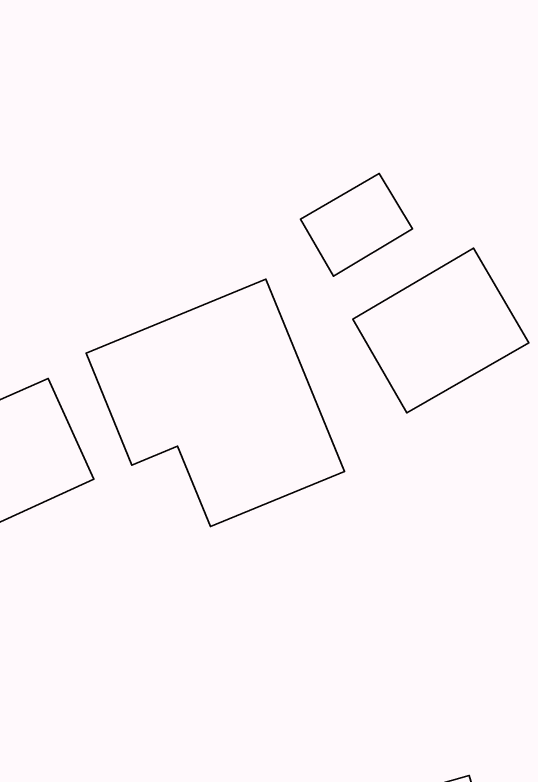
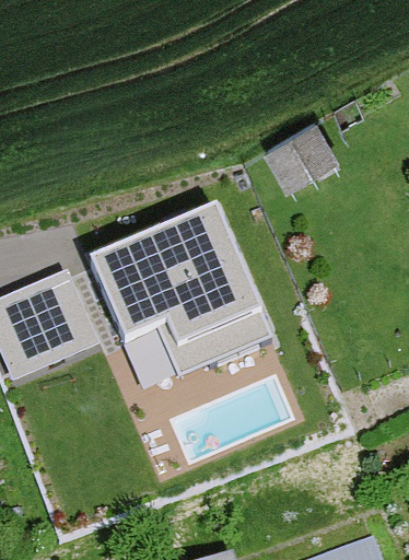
building: [353,248,529,413] -> none

